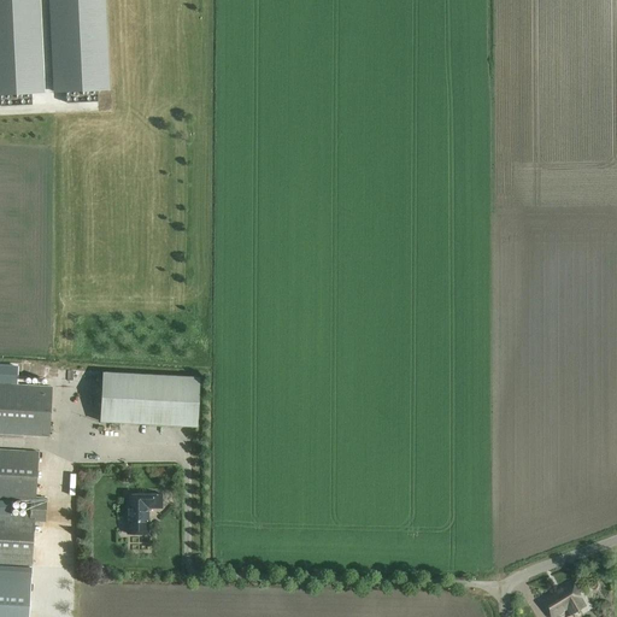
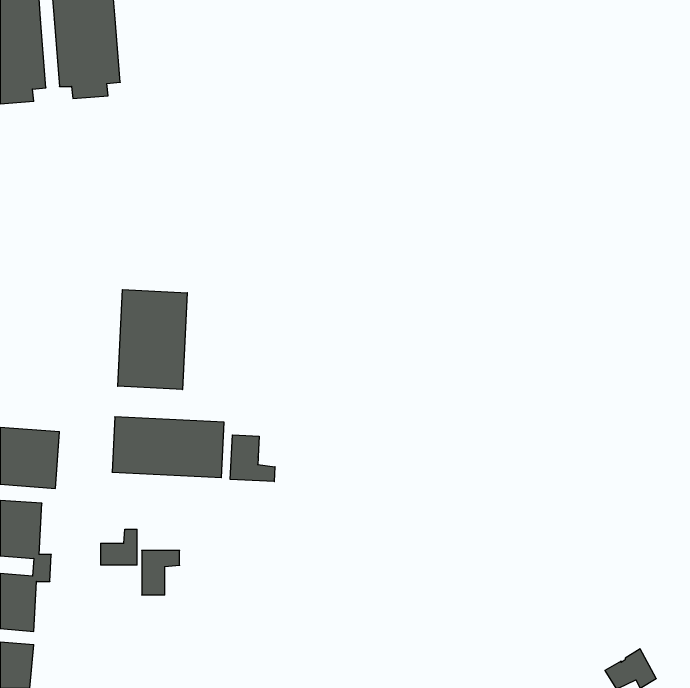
building: none -> [118,290,187,390]
building: none -> [230,435,275,482]
building: none -> [101,529,137,565]

